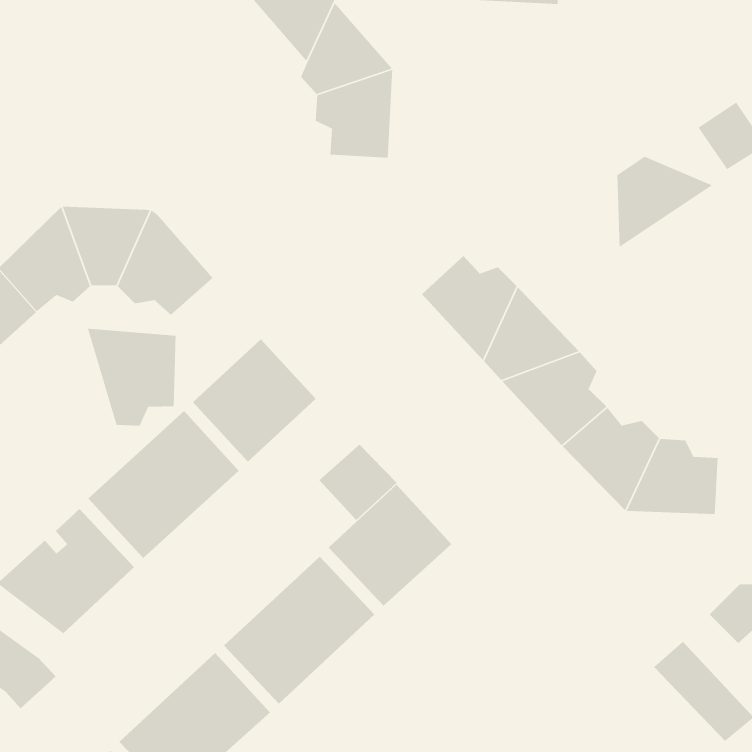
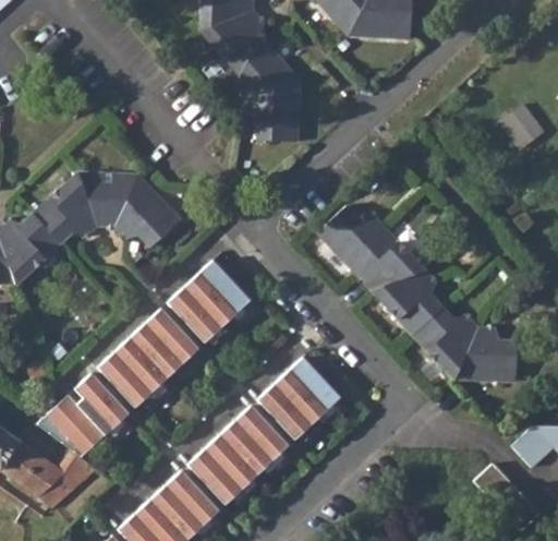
building: [617,156,713,248] -> none
building: [87,328,176,426] -> none
building: [318,444,398,521] -> none

